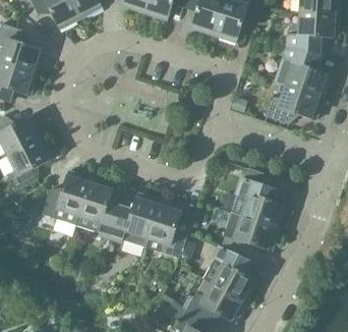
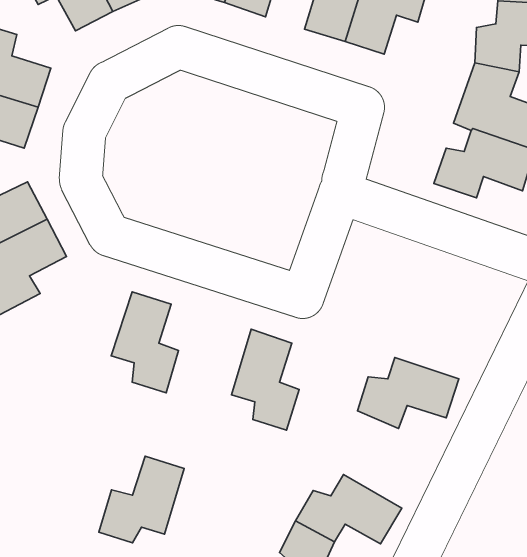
building: [40,170,90,220] -> none
building: [235,177,285,228] -> none
building: [109,192,158,242] -> [99,456,184,543]
building: [201,246,256,302] -> none

